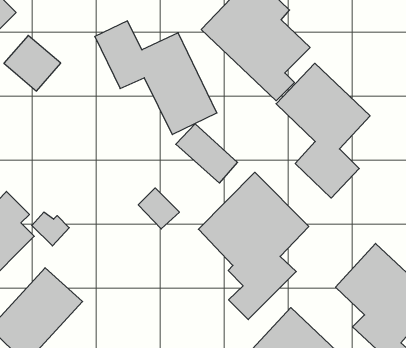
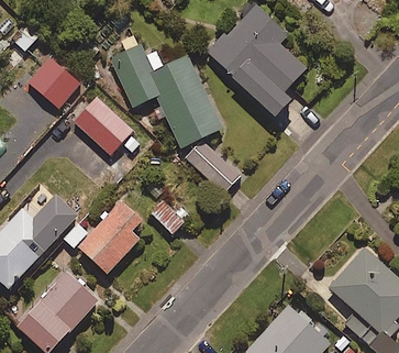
building: [276,63,370,198] -> none
building: none -> [74,96,133,155]
building: [198,172,309,320] -> none
building: none -> [78,200,142,273]

